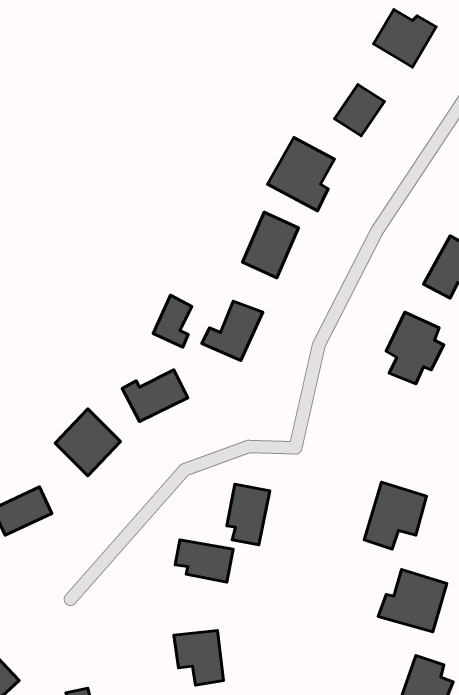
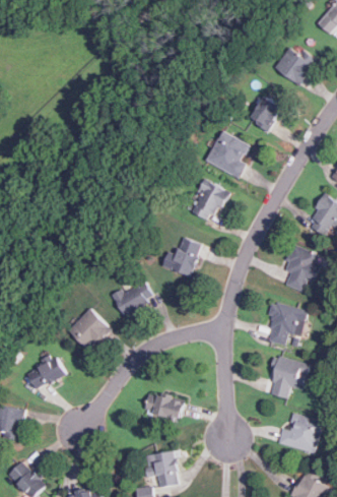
building: [153,295,192,347] -> none
building: none -> [266,301,307,345]
building: [227,484,270,545] -> none

